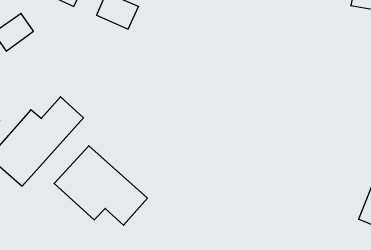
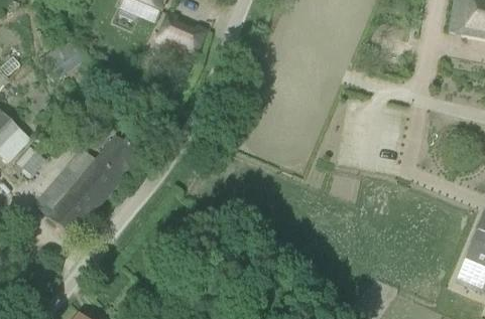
building: [54,146,147,225] -> none

